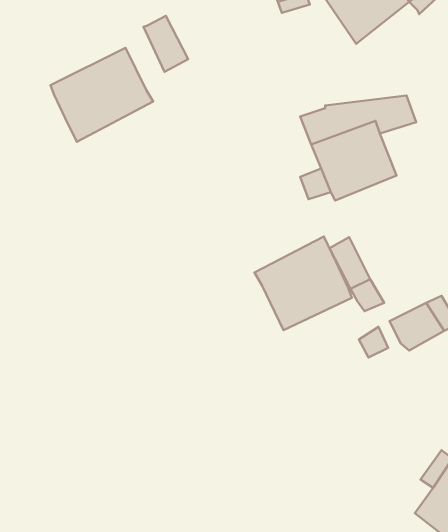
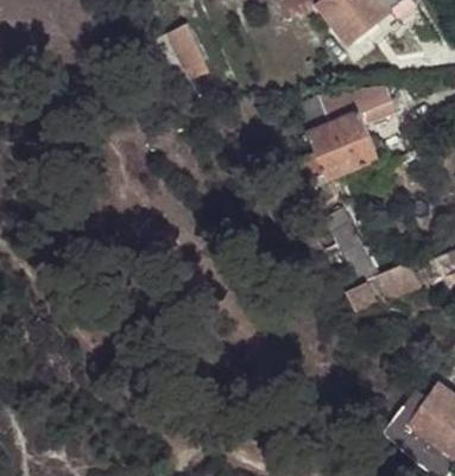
building: [50,48,153,142] -> none
building: [255,236,352,330] -> none

